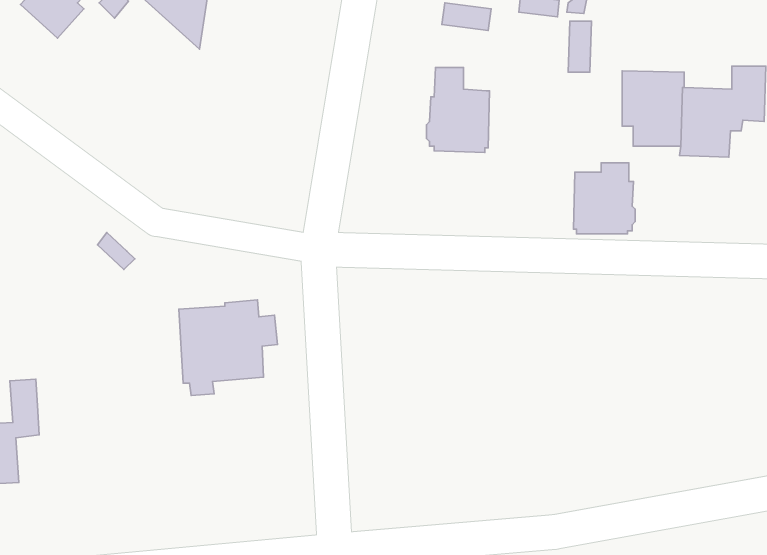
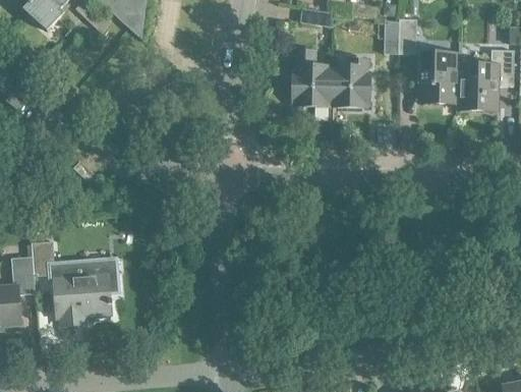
building: none -> [398,19,416,54]
building: [573,163,635,234] -> [331,60,371,107]
building: [179,300,277,396] -> [54,262,119,325]
building: none -> [32,241,53,274]

